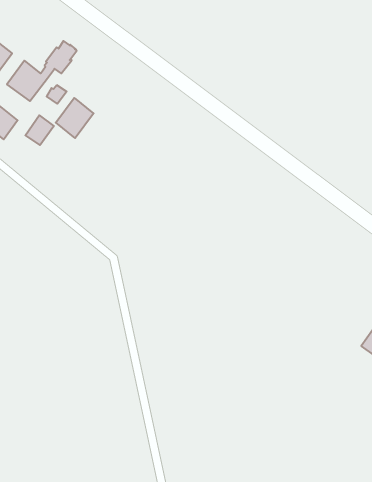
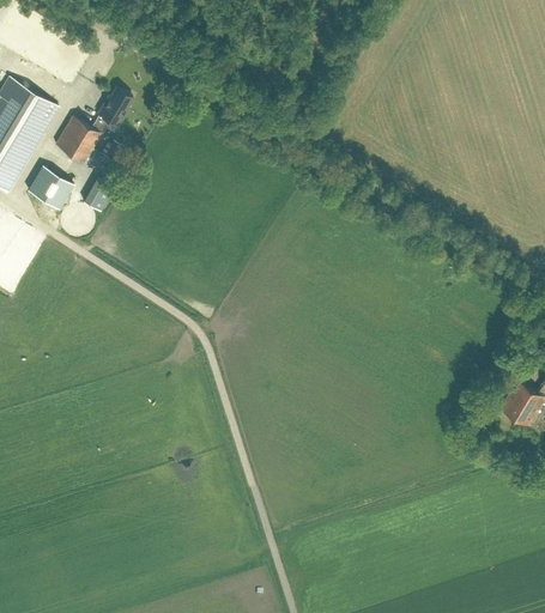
building: [56,98,94,138] -> none

